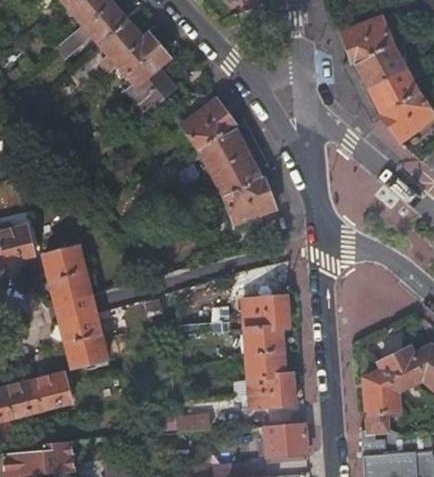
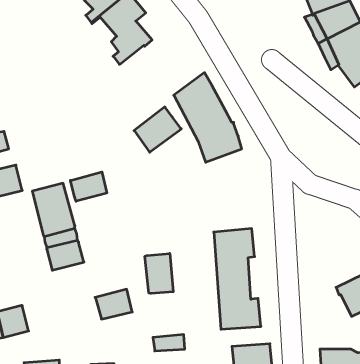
building: [183,99,235,149] -> [134,107,181,152]
building: none -> [70,172,107,201]
building: none -> [145,253,173,293]
building: [66,333,107,366] -> [95,289,132,319]
building: [365,369,398,429] -> none
building: [33,373,71,409] -> none

